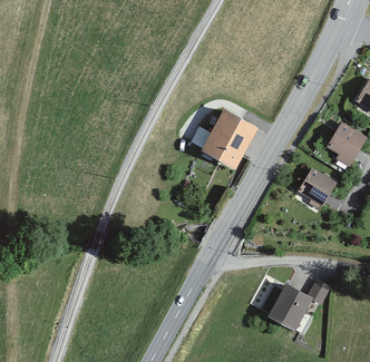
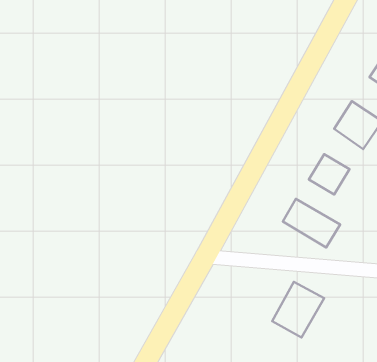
building: [204,110,257,167] -> none
building: none -> [283,199,340,248]

